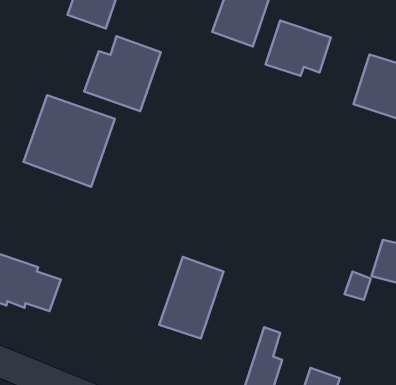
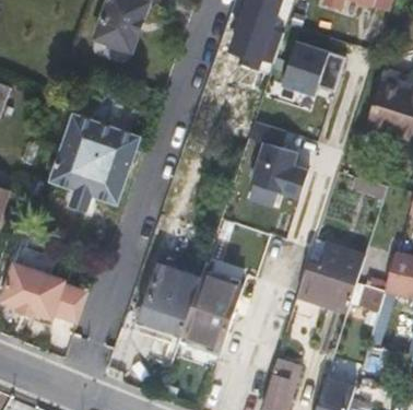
building: [84,36,161,111] -> none
building: none -> [248,122,306,198]
building: none -> [299,244,366,303]
building: none -> [134,254,204,340]

